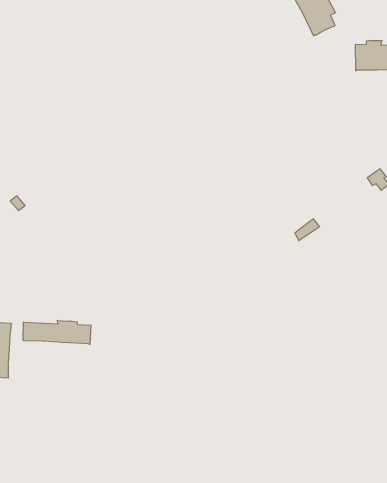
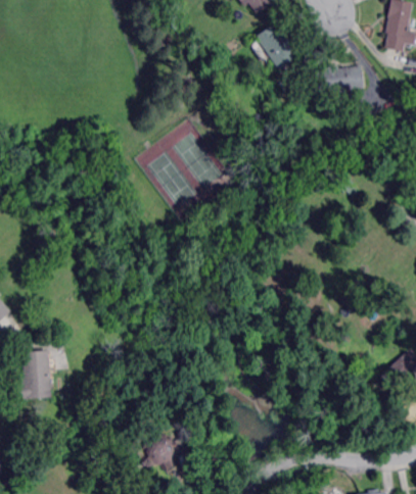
building: [23,320,91,345] -> none
building: none -> [144,434,177,470]

